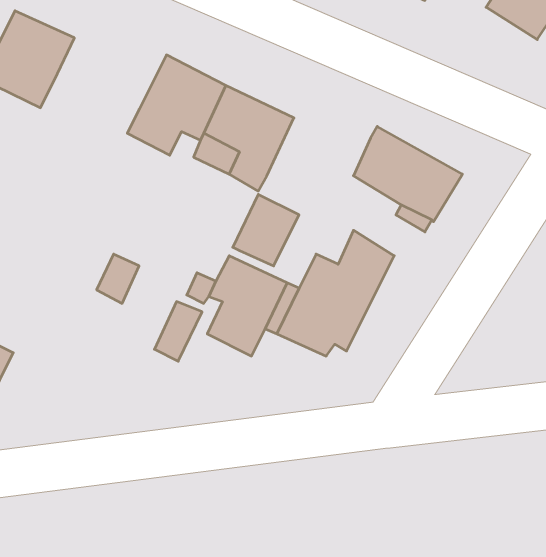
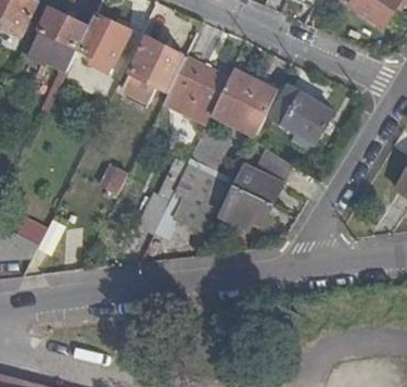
building: none -> [76,12,130,65]
building: none -> [209,68,276,136]

